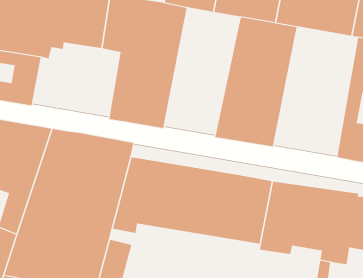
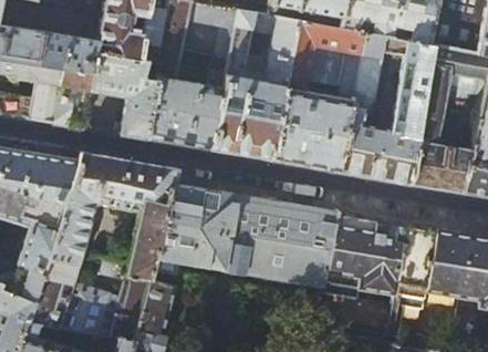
building: none -> [210,12,299,163]
building: none -> [338,34,435,186]
building: none -> [58,53,159,142]

